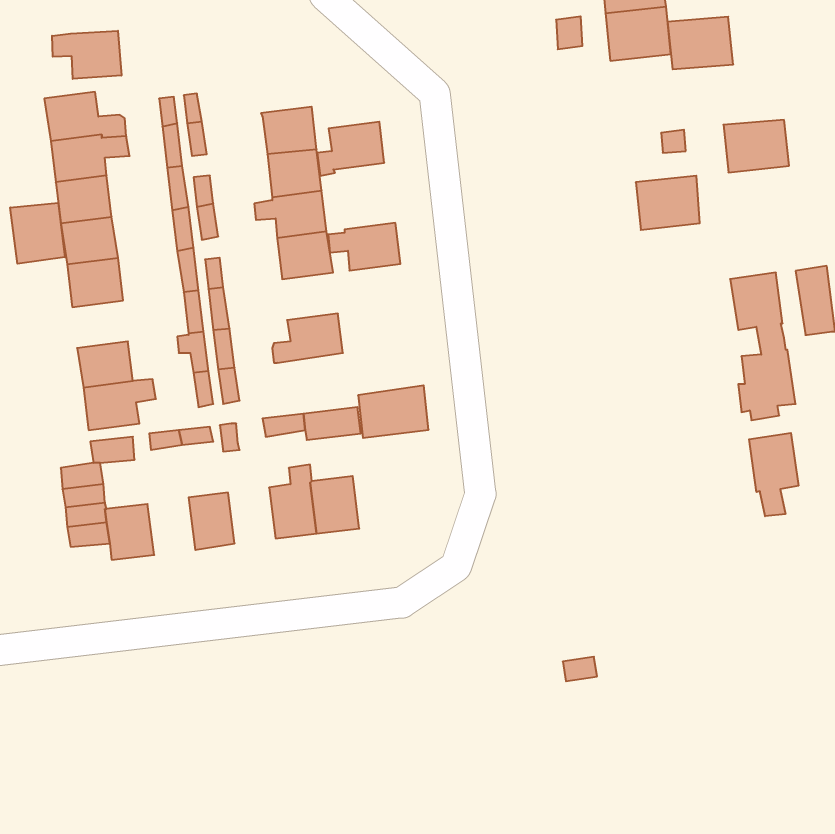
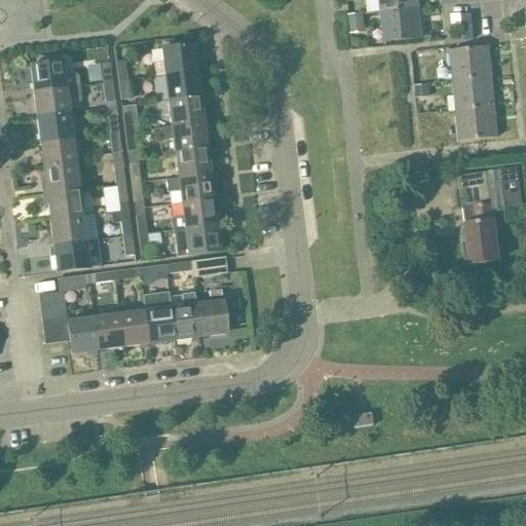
building: [668,17,733,69] -> [452,45,493,78]
building: [52,31,121,79] -> none
building: [317,122,384,176] -> [155,41,197,75]
building: [636,176,700,230] -> [458,104,498,138]
building: [10,203,65,264] -> none
building: [328,223,400,271] -> [168,171,214,200]
building: none -> [47,188,82,218]
building: [358,385,429,438] -> [176,221,220,254]
building: [749,433,798,516] -> none
building: none -> [144,291,175,340]
building: none -> [95,311,124,347]

